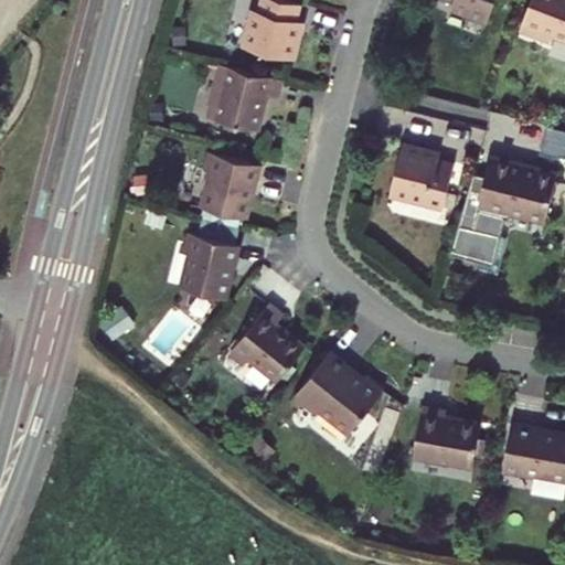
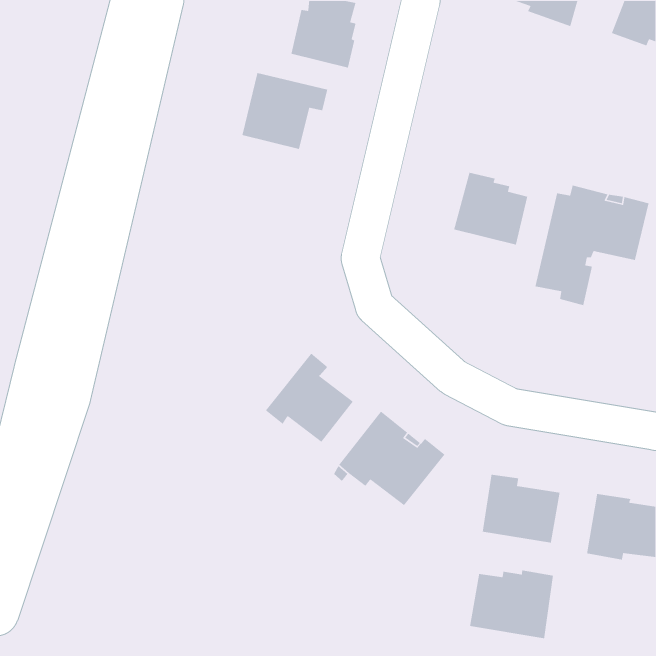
building: [202,154,259,218] -> none
building: [184,234,239,301] -> none
building: none -> [469,569,554,639]

